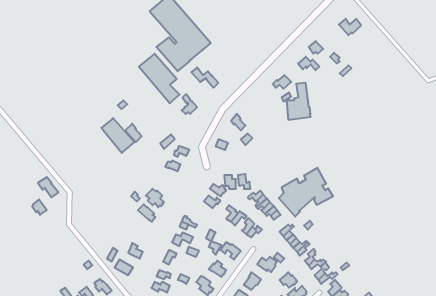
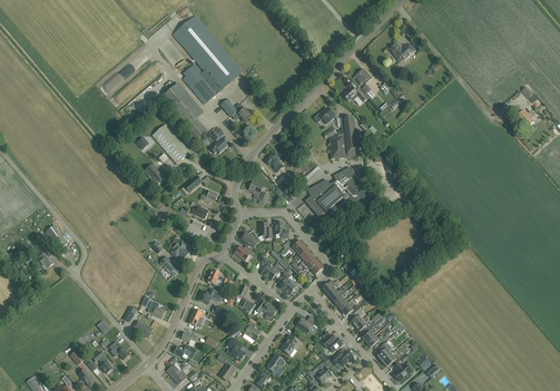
building: [101,118,134,153] -> [153,123,190,163]
building: [279,168,333,217] -> [305,166,367,222]

